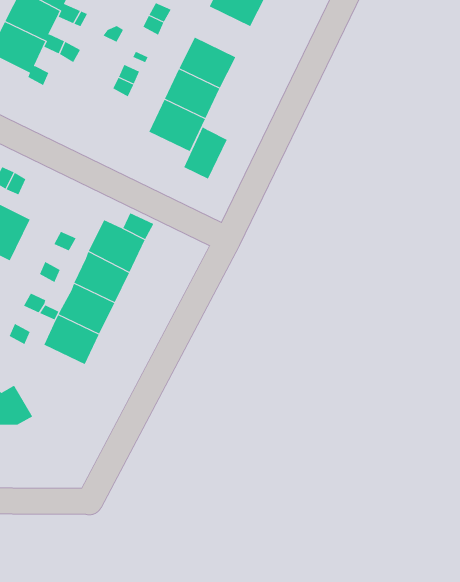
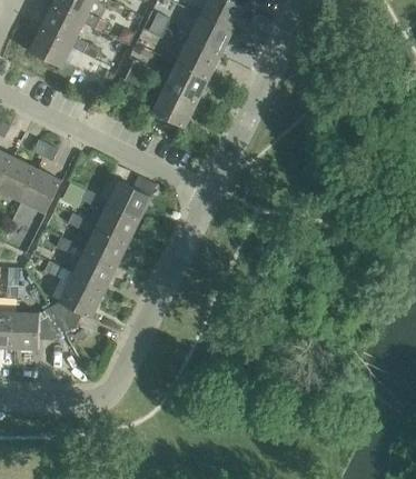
building: none -> [188,16,231,54]
building: [184,126,228,180] -> none
building: none -> [49,277,103,332]

